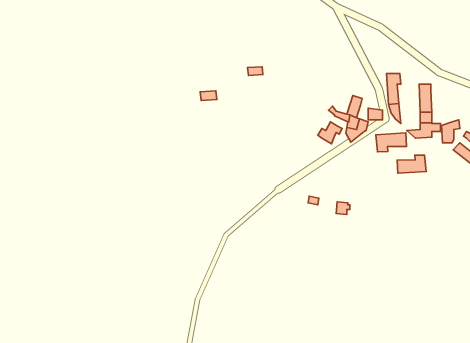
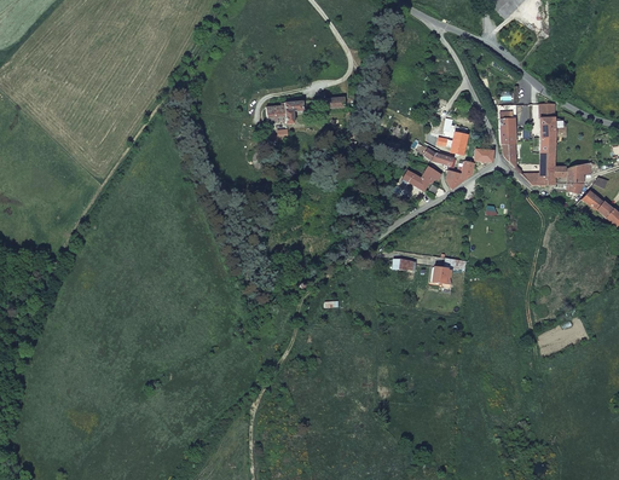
building: none -> [264,99,303,122]
building: [376,133,406,152] -> none
building: [397,155,426,173] -> none

